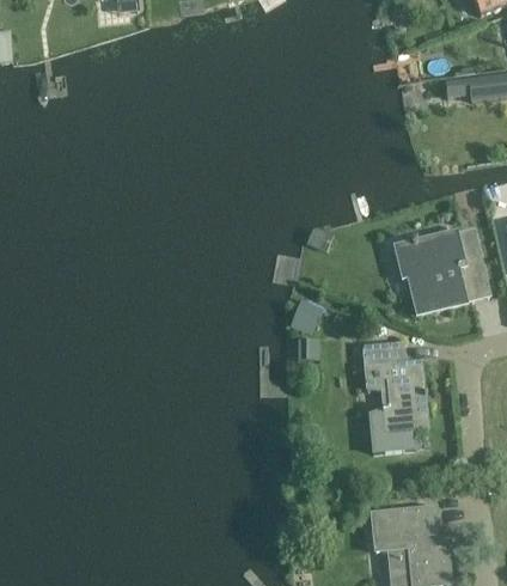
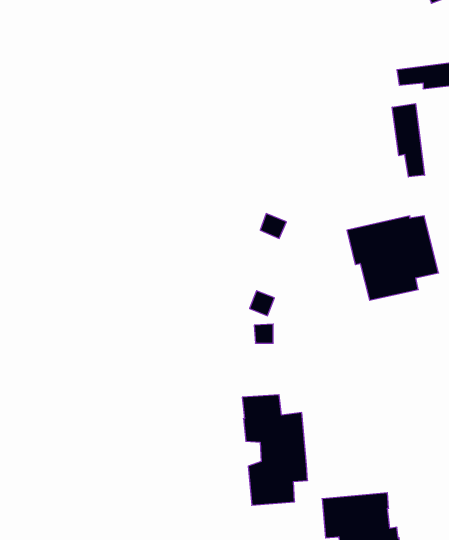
building: none -> [392,104,425,177]
building: [362,341,428,452] -> [242,395,308,505]

